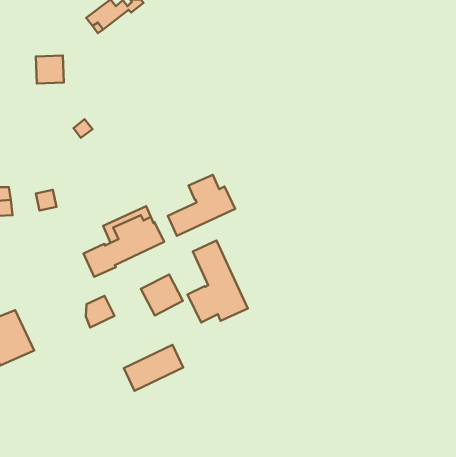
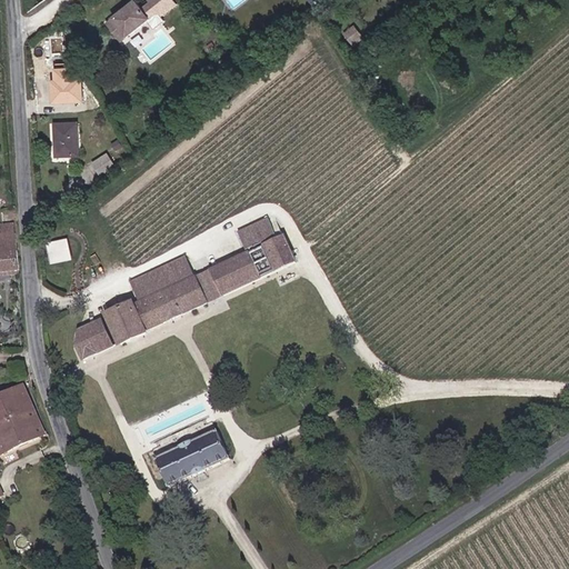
building: none -> [54,121,78,152]
building: [188,240,248,322] -> none
building: [141,274,183,315] -> none
building: [86,296,114,327] -> [73,320,109,359]

